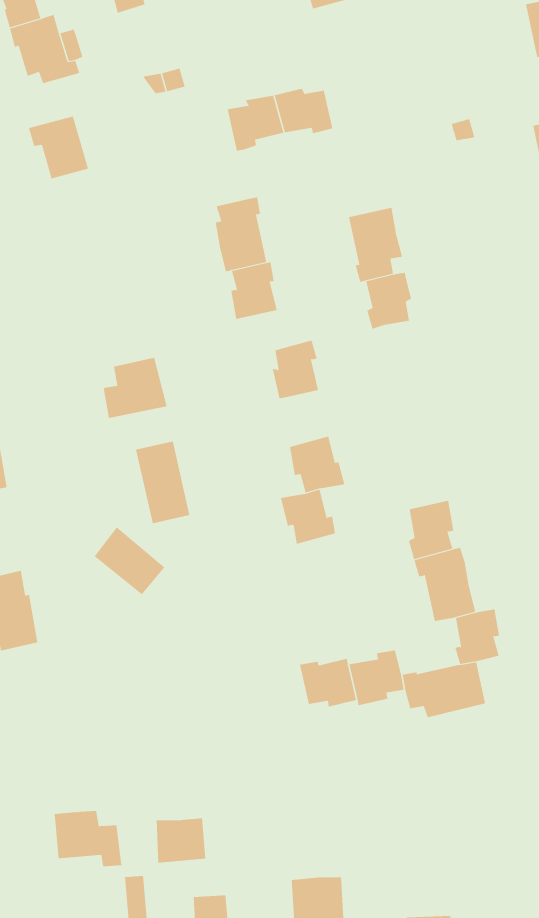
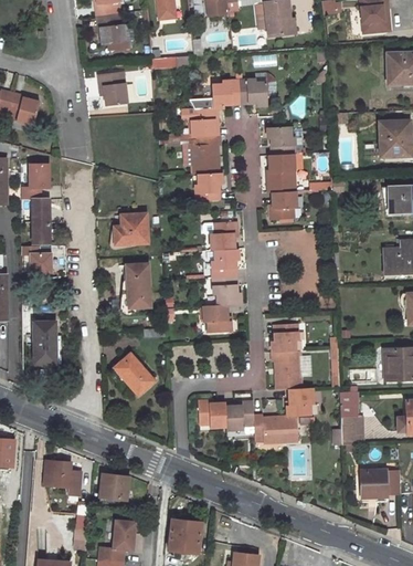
building: none -> [191,107,219,136]
building: none -> [267,126,295,155]
building: none -> [212,249,239,277]
building: [94,526,165,595] -> [116,353,155,394]

